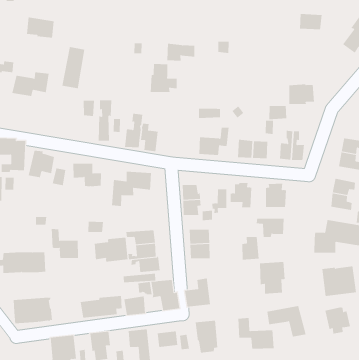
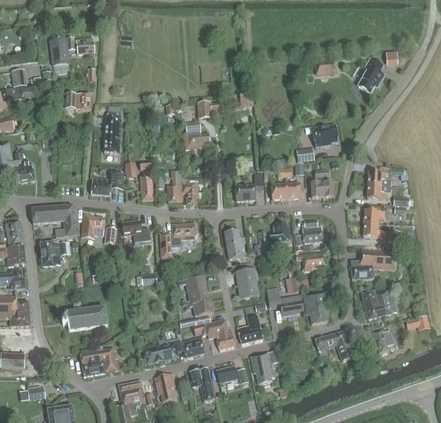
building: [12,72,50,97] -> [90,172,123,195]
building: [51,228,78,259] -> none
building: [94,237,128,263] -> none
building: [238,318,274,349] -> [266,286,303,315]

